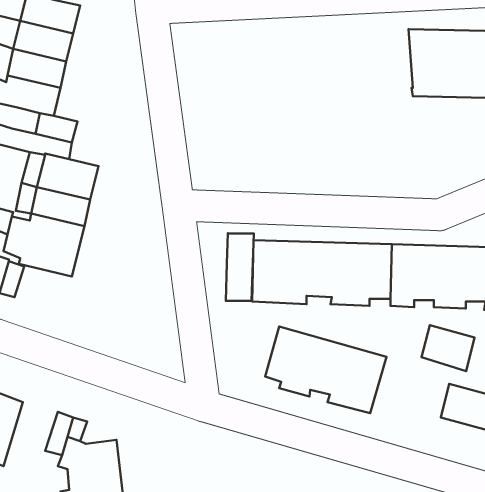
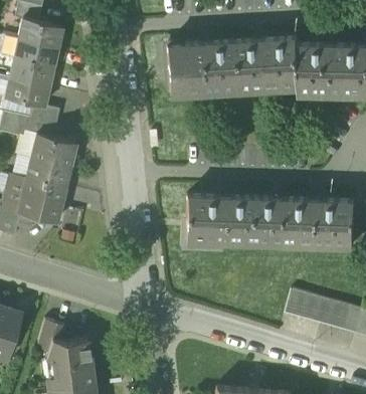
building: none -> [168,38,302,94]
building: [226,233,254,301] -> none
building: [422,325,475,371] -> [290,290,328,324]
building: [265,327,386,413] -> none

